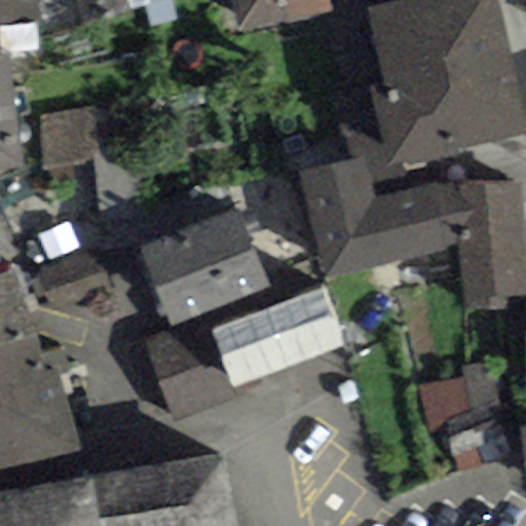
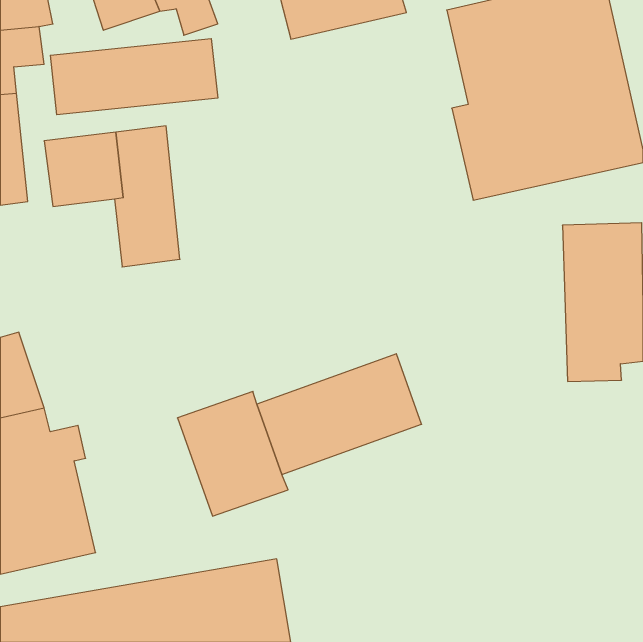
building: none -> [50,39,218,115]
building: [299,156,461,280] -> none
building: [139,209,268,326] -> none
building: [417,363,500,434] -> none

